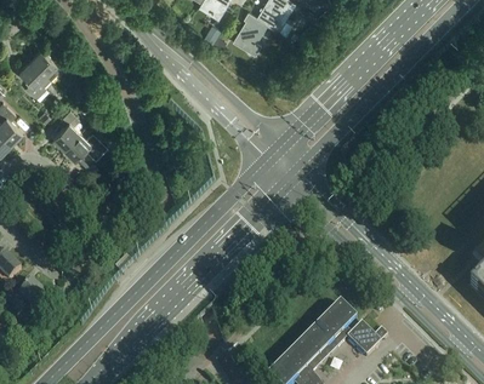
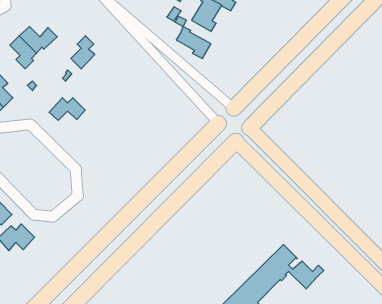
building: none -> [176,26,211,59]
building: [52,111,80,150] -> [71,36,95,69]

